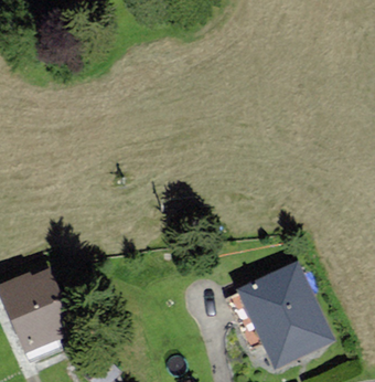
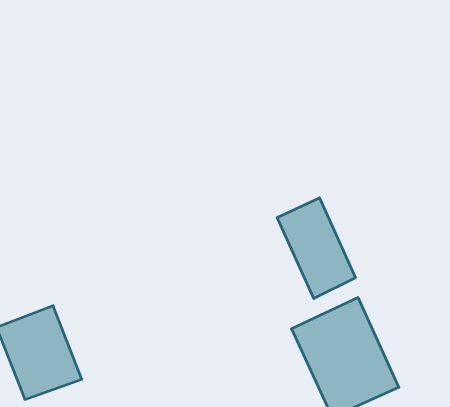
building: none -> [277,198,355,299]

